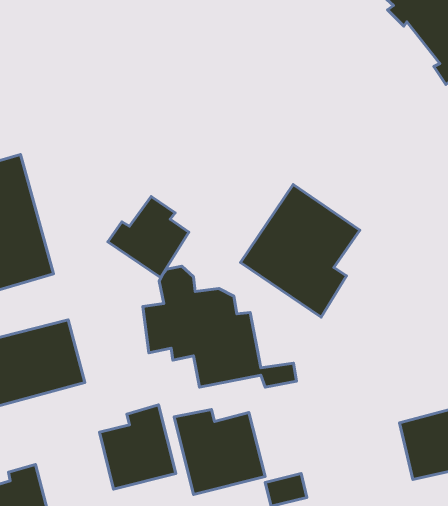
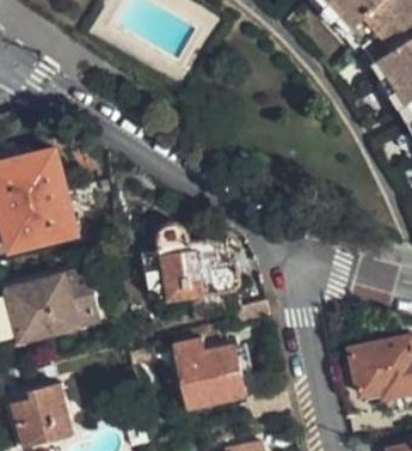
building: [240,185,360,317] -> none
building: [108,197,189,278] -> none
building: [100,405,176,489] -> none

